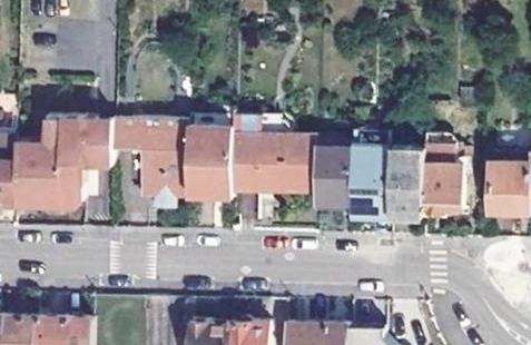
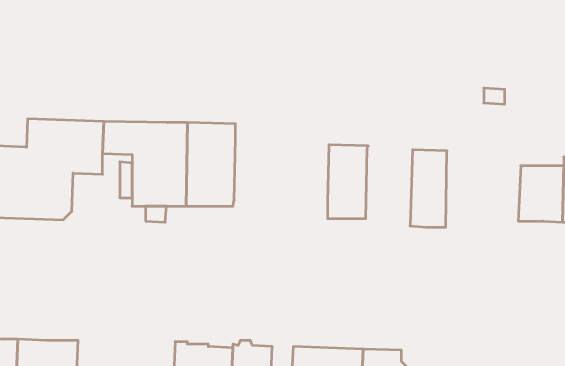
building: [230,136,316,191] -> none
building: [350,144,392,214] -> none
building: [422,146,462,215] -> none

